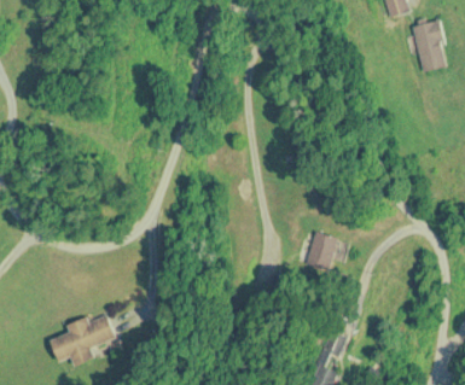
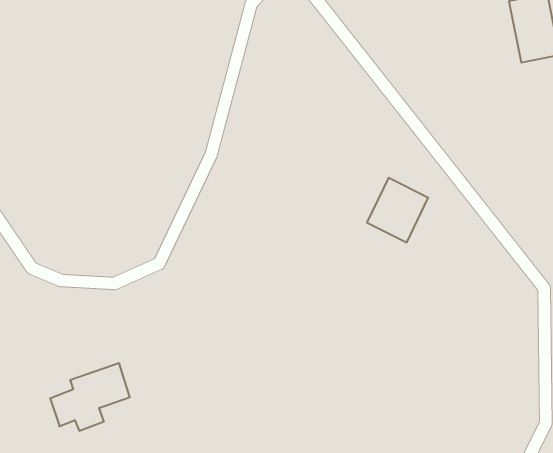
building: [298,228,347,279] -> [367,178,428,242]

